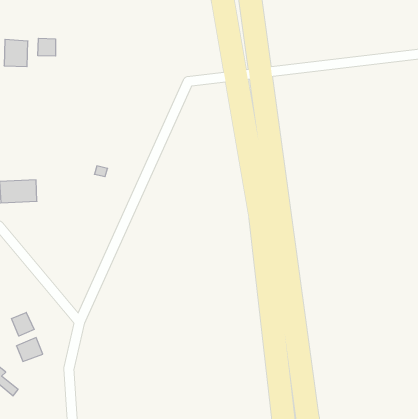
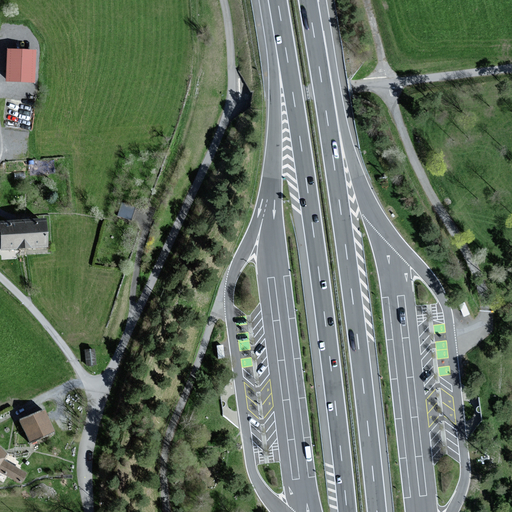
building: [38,38,56,56] -> none
building: [11,312,34,336] -> none

